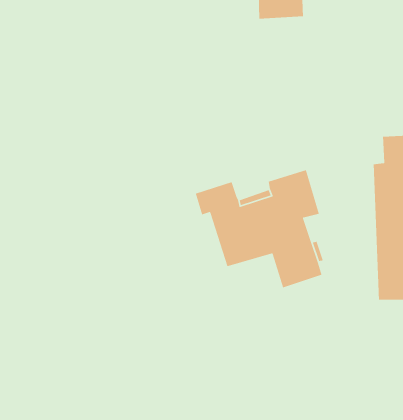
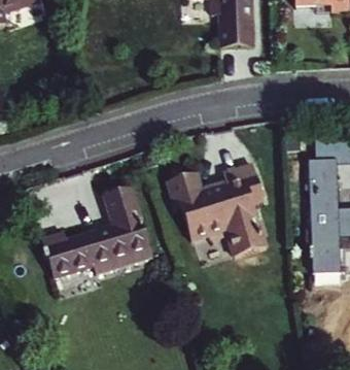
building: none -> [40,188,152,276]

